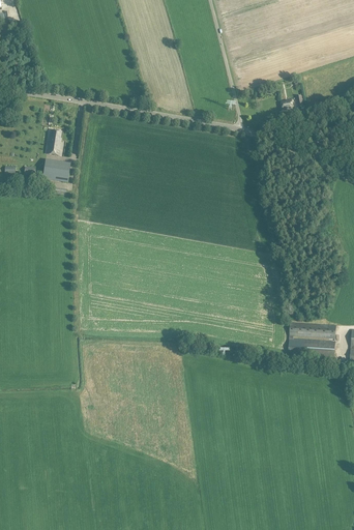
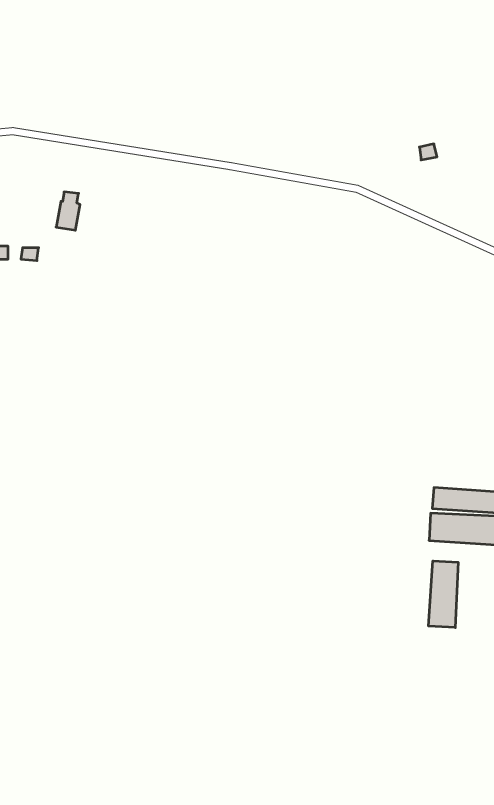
building: [42,154,70,178] -> none
building: none -> [429,561,458,628]

